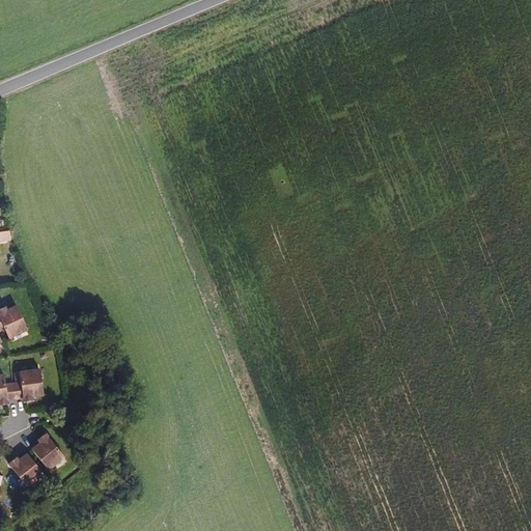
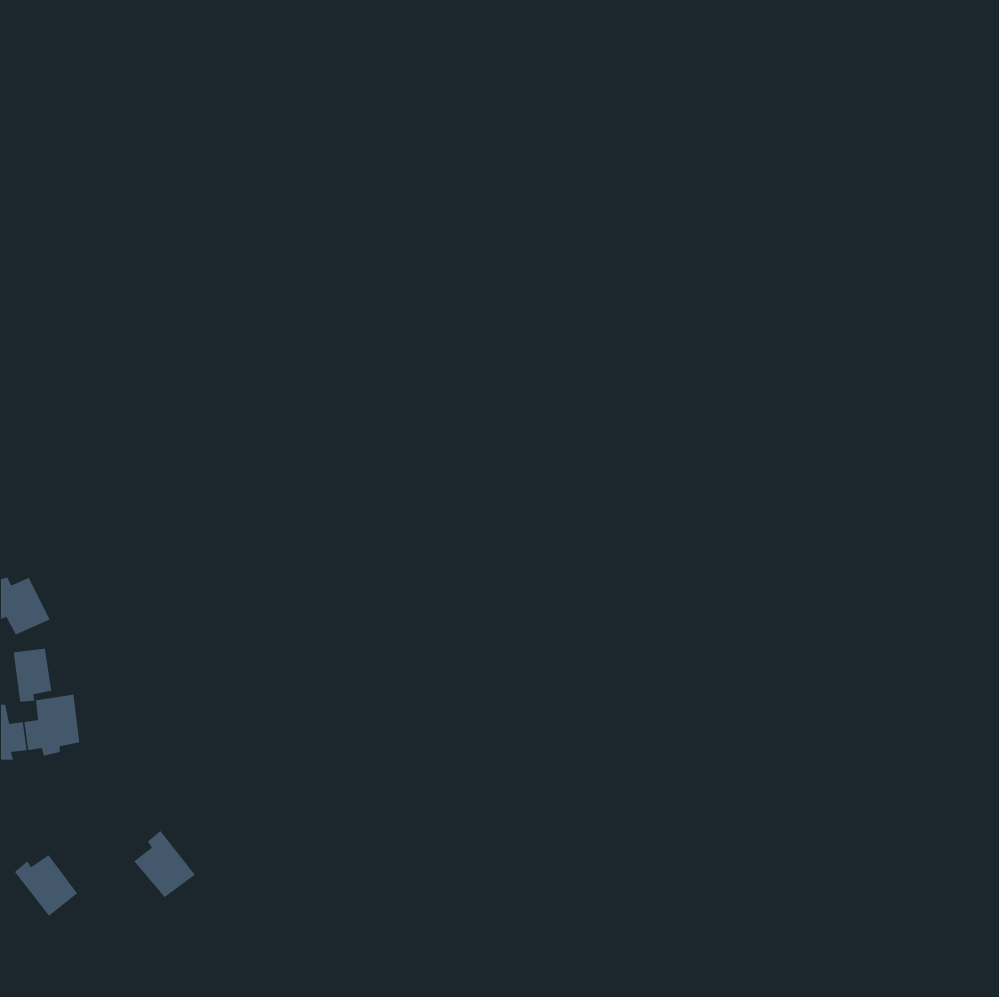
building: none -> [13,648,52,702]
building: [30,432,63,469] -> [133,830,196,898]

